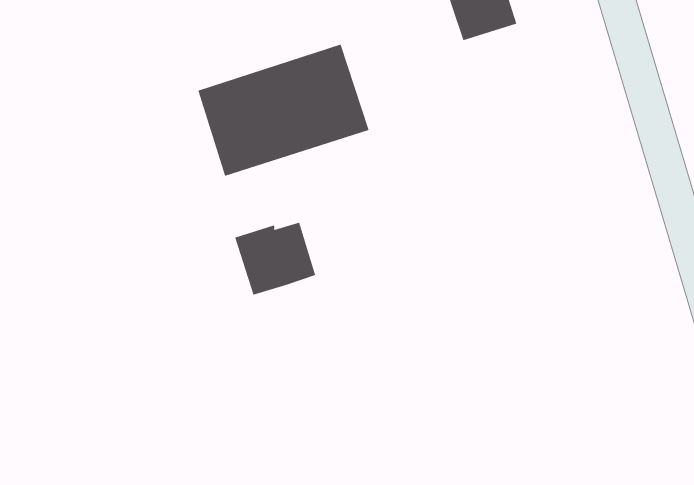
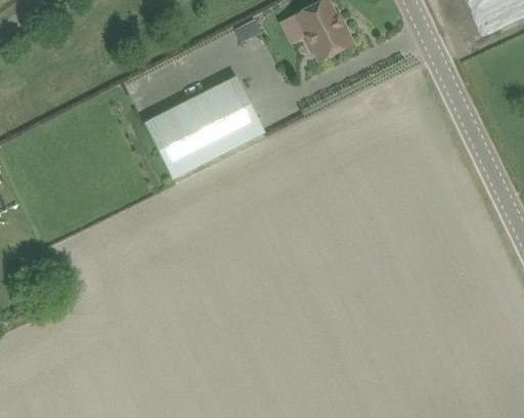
building: [234,222,316,295] -> none

